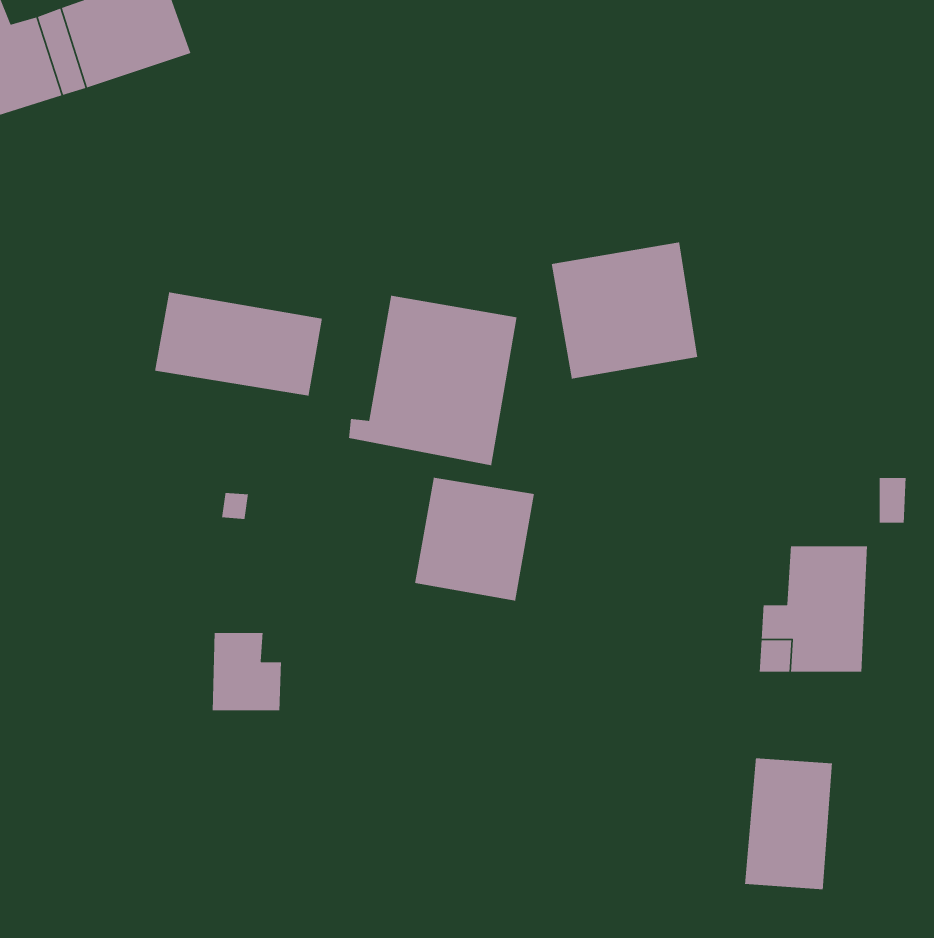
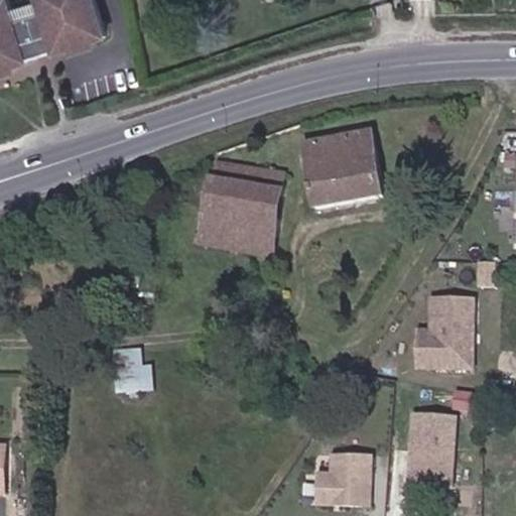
building: [154,291,323,396] -> none
building: [414,477,535,602] -> none
building: none -> [314,456,370,505]

